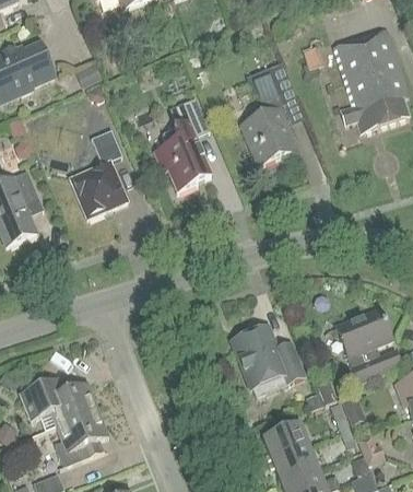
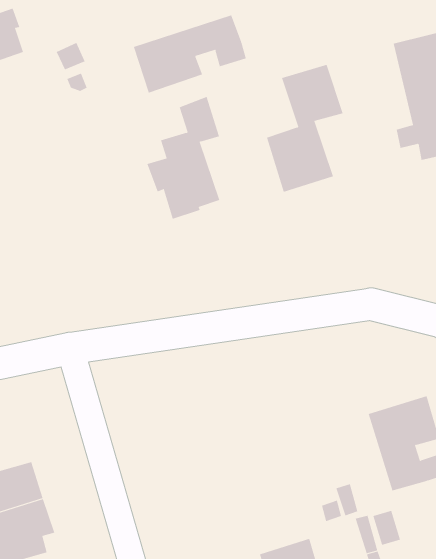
building: none -> [133,14,247,93]
building: [69,128,127,216] -> none
building: [233,326,300,386] -> none

